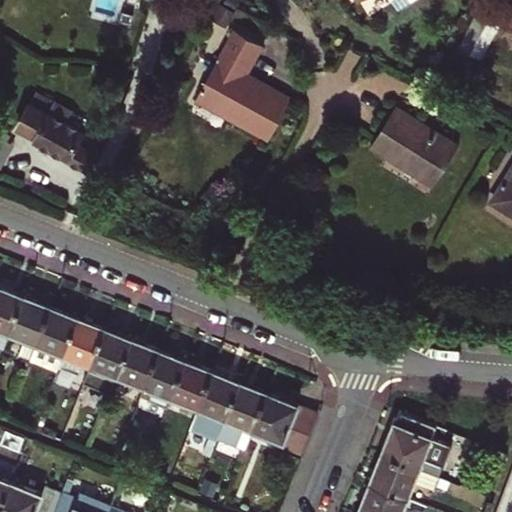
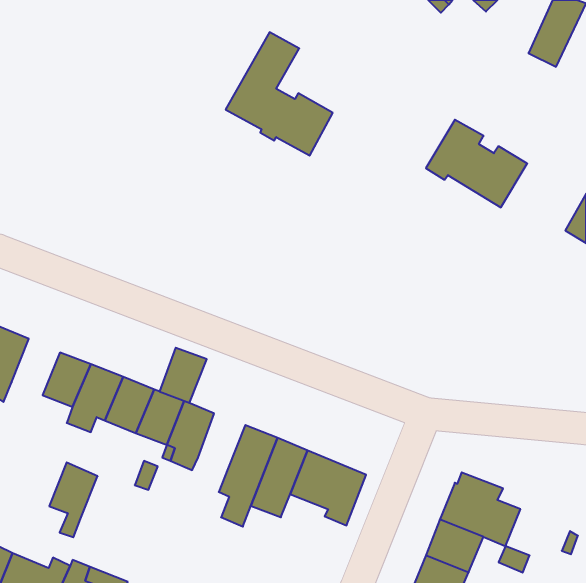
building: [14,98,90,175] -> none
building: [10,299,52,364] -> [49,462,98,537]
building: [172,364,213,412] -> [160,348,207,403]

